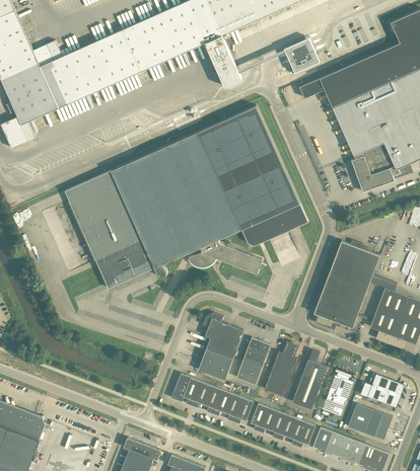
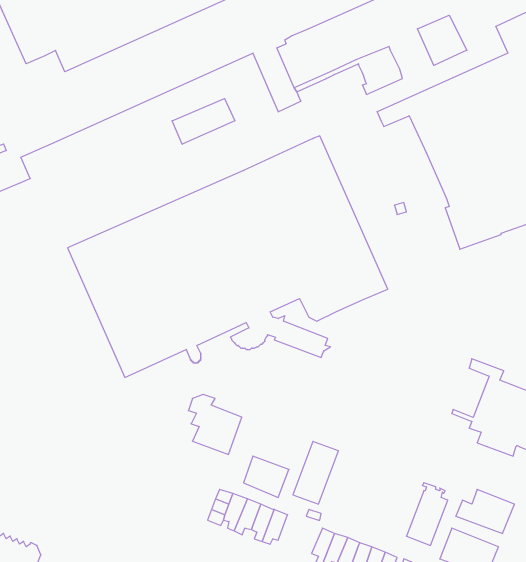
building: none -> [417,15,467,65]
building: none -> [172,99,235,144]
building: [313,242,379,327] -> none
building: [202,313,242,359] -> [188,394,242,454]
building: [264,341,297,396] -> none
building: [291,349,327,409] -> none
building: [224,393,253,423] -> none

